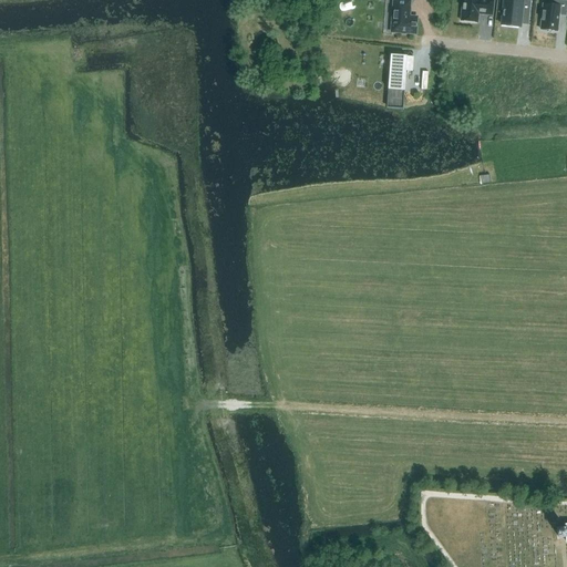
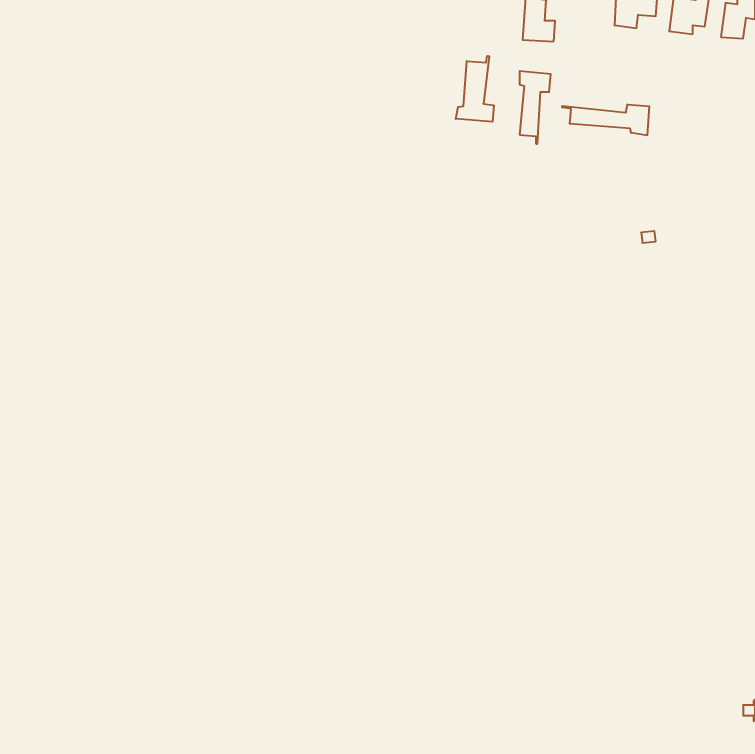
building: none -> [456,56,494,122]
building: none -> [562,104,649,135]

